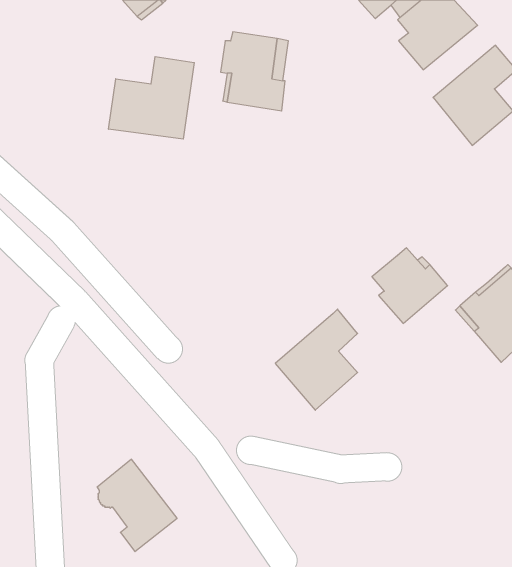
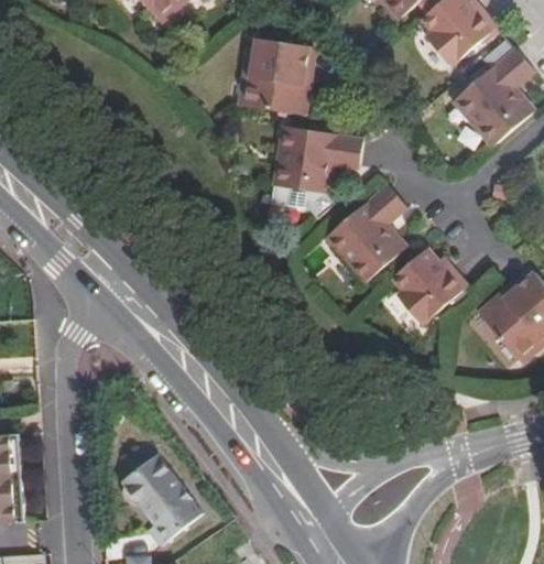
building: [109,57,194,139] -> none
building: none -> [276,124,363,193]
building: [275,309,358,410] -> [327,182,409,282]

